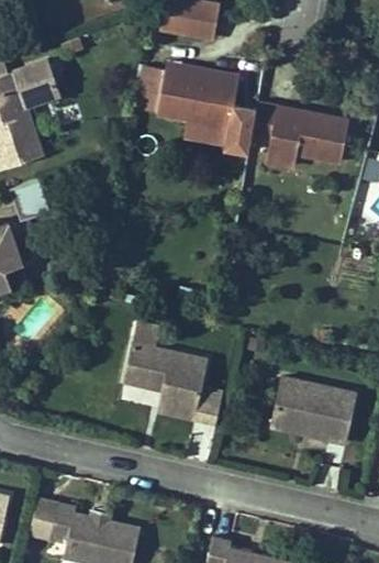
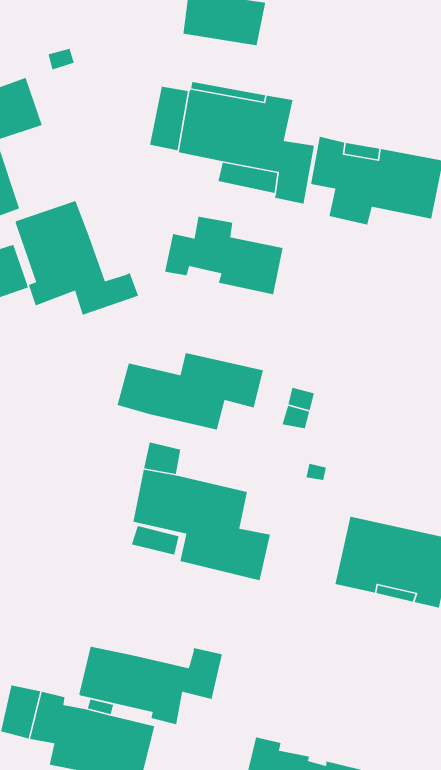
building: none -> [15,200,139,316]
building: none -> [164,216,283,295]
building: none -> [116,352,264,431]
building: none -> [78,646,223,725]

